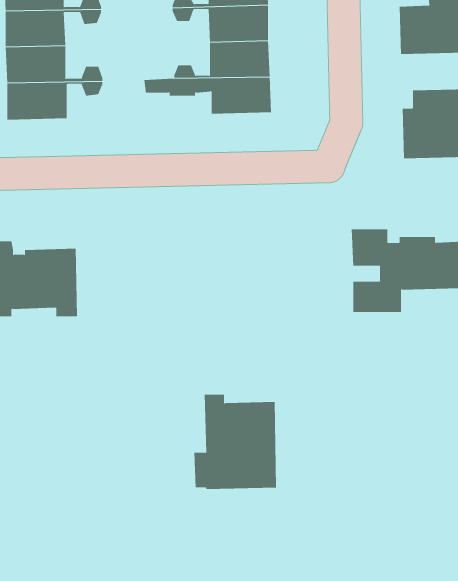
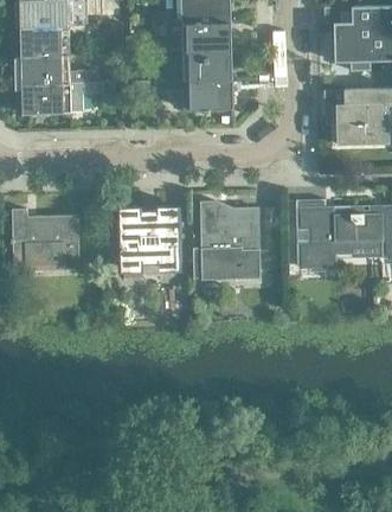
building: none -> [117,206,180,267]
building: [193,394,277,489] -> [192,203,258,279]

